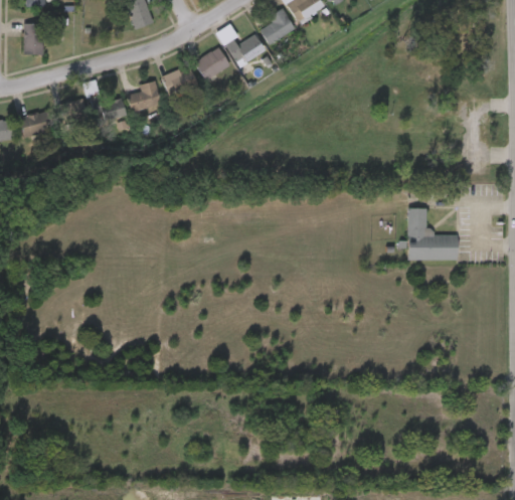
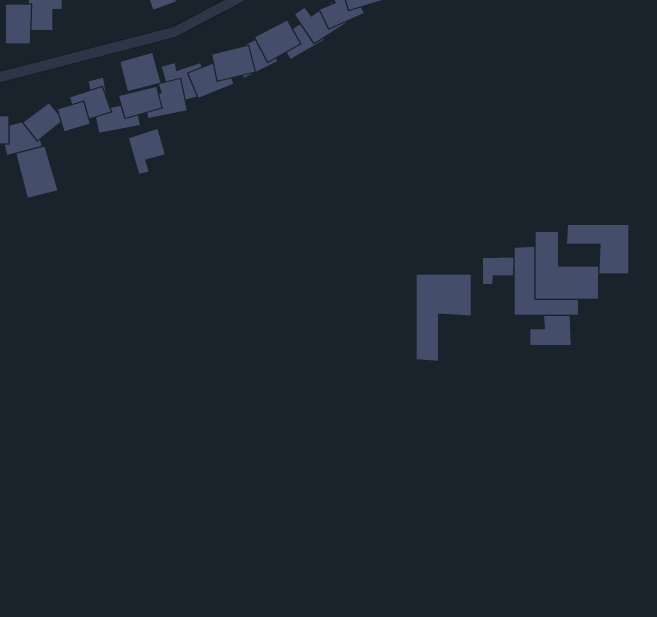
building: none -> [120,52,161,92]
building: none -> [128,128,166,174]
building: none -> [16,146,58,199]
building: none -> [566,224,629,274]
building: none -> [482,257,514,285]
building: none -> [416,274,471,362]
building: none -> [530,315,571,346]

